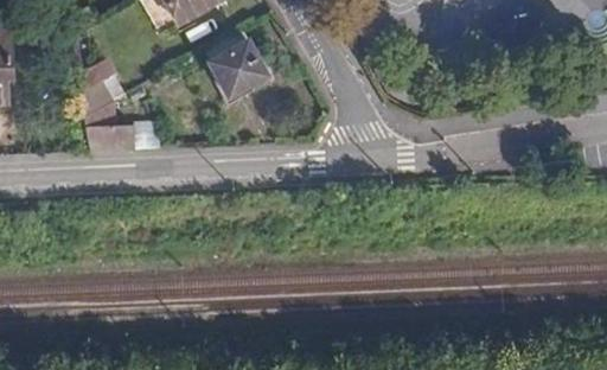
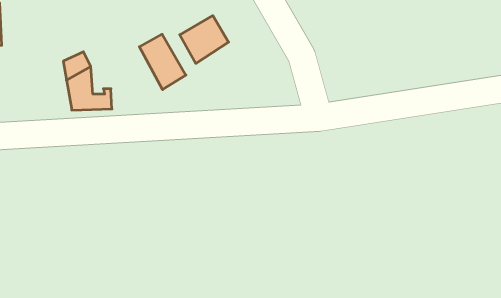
building: none -> [139,34,186,90]

